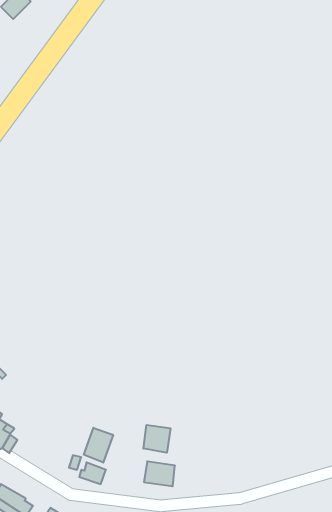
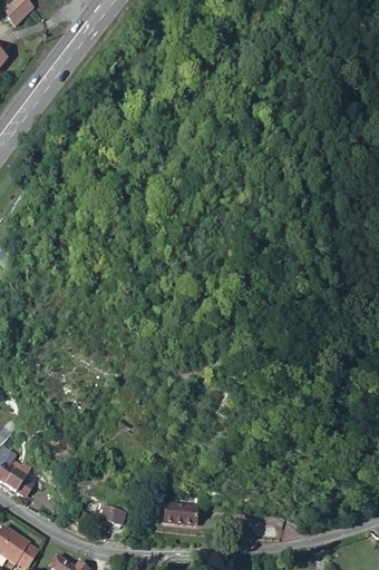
building: [143,425,170,453] -> none
building: [84,428,113,463] -> none

